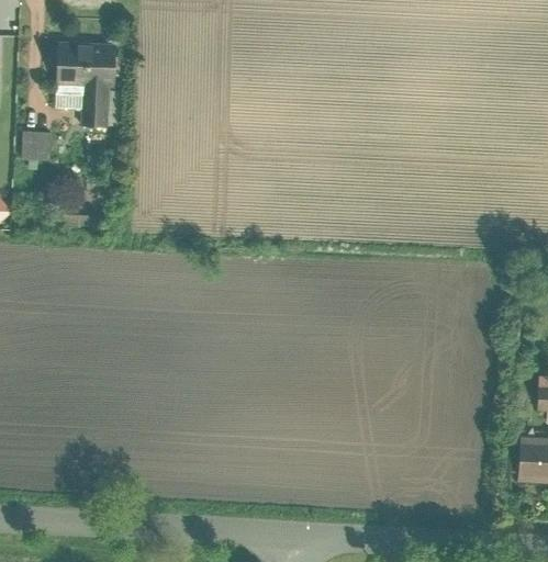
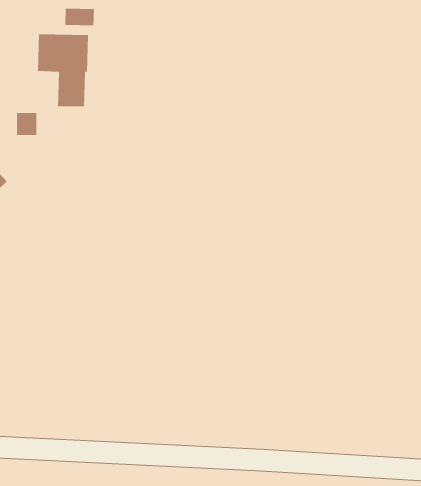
building: none -> [65,8,94,26]

